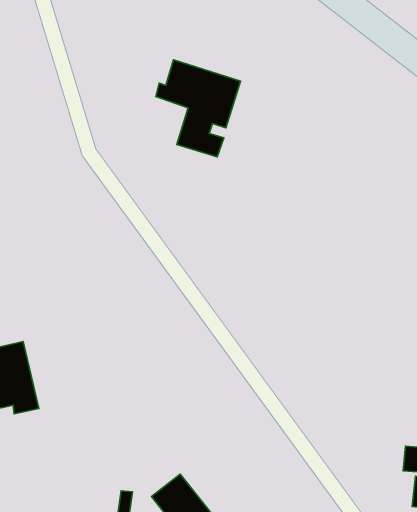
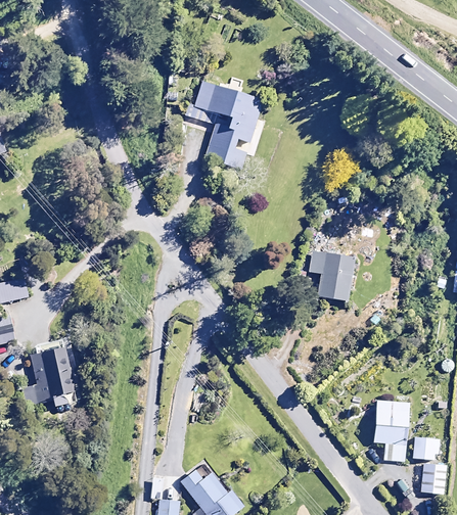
building: none -> [309,251,353,300]
building: none -> [373,400,409,461]

